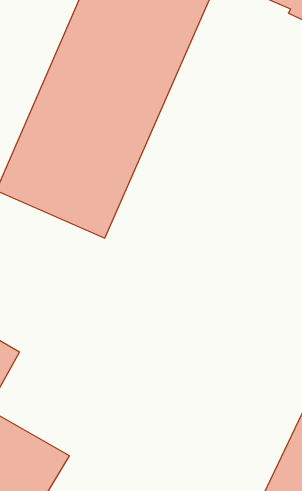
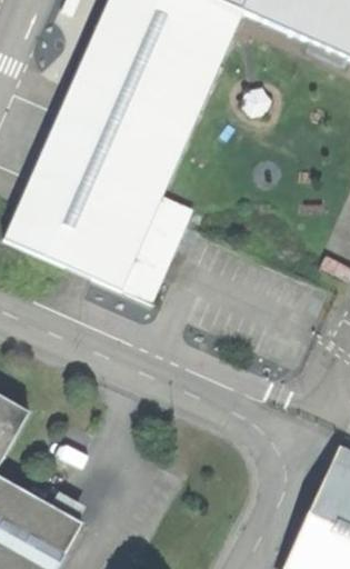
building: none -> [119,198,191,305]

